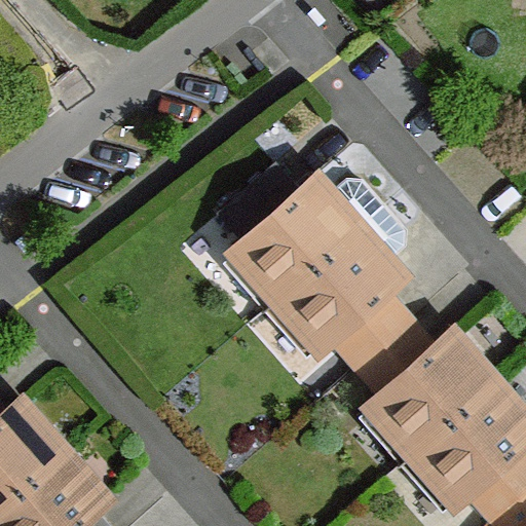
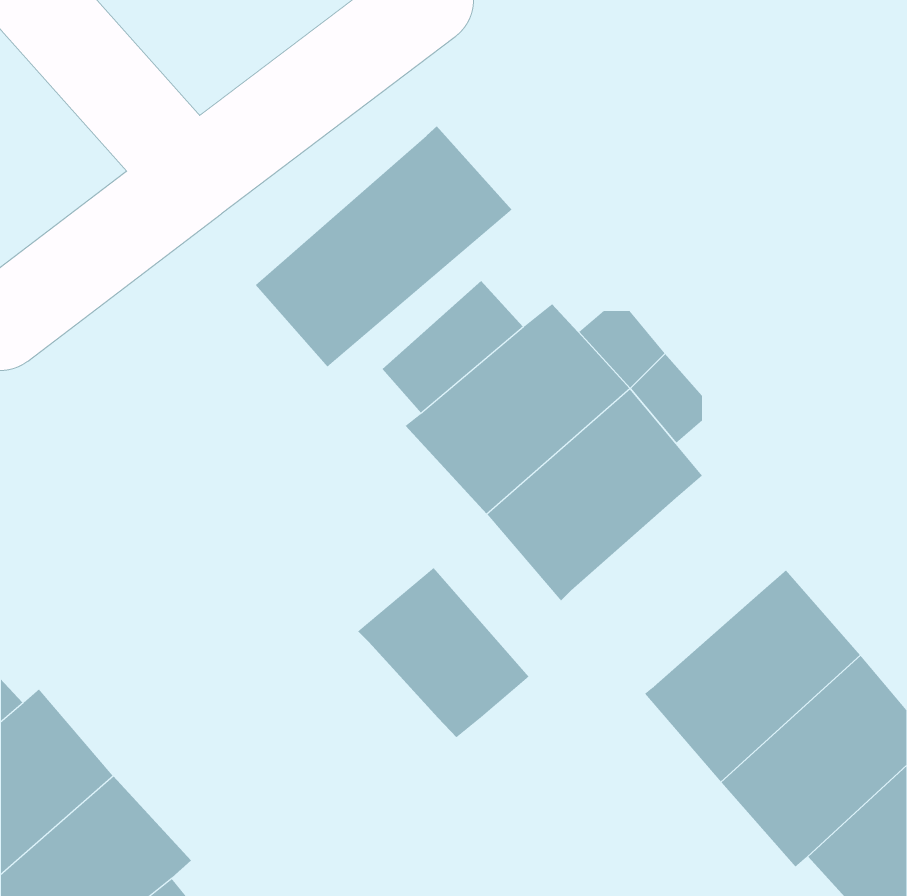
building: none -> [255,125,513,367]
building: [331,295,440,404] -> none
building: none -> [357,567,530,738]

